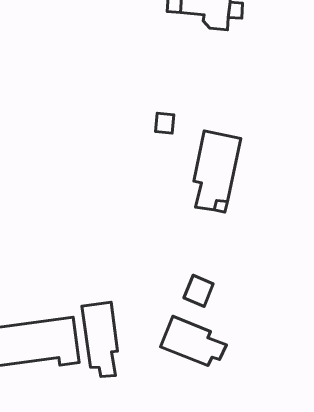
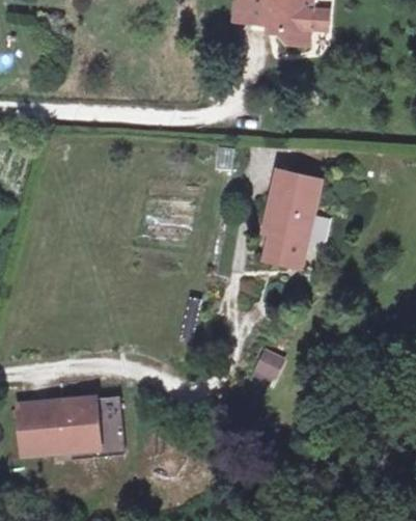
building: [82,302,118,376] -> none
building: [161,316,227,365] -> none

